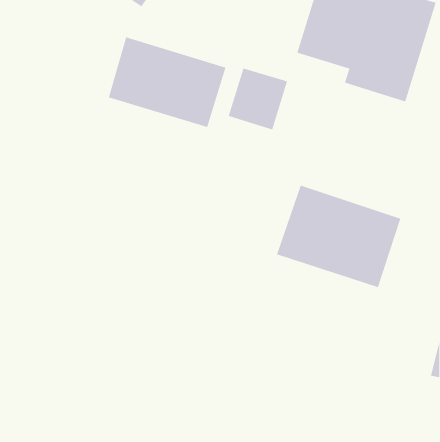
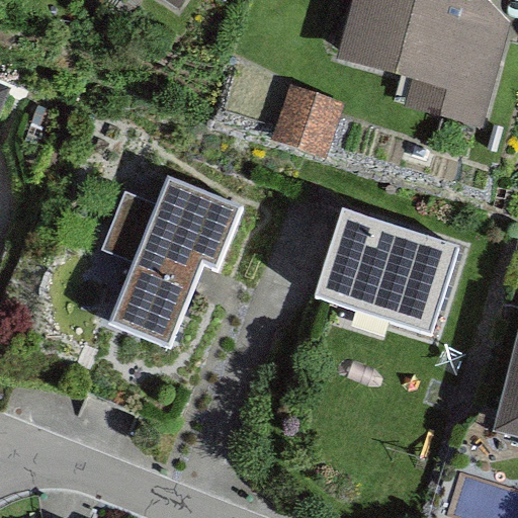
building: [108,37,226,128] -> none
building: none -> [110,178,252,344]

